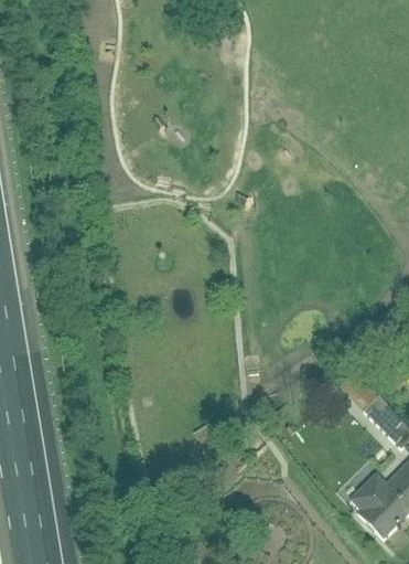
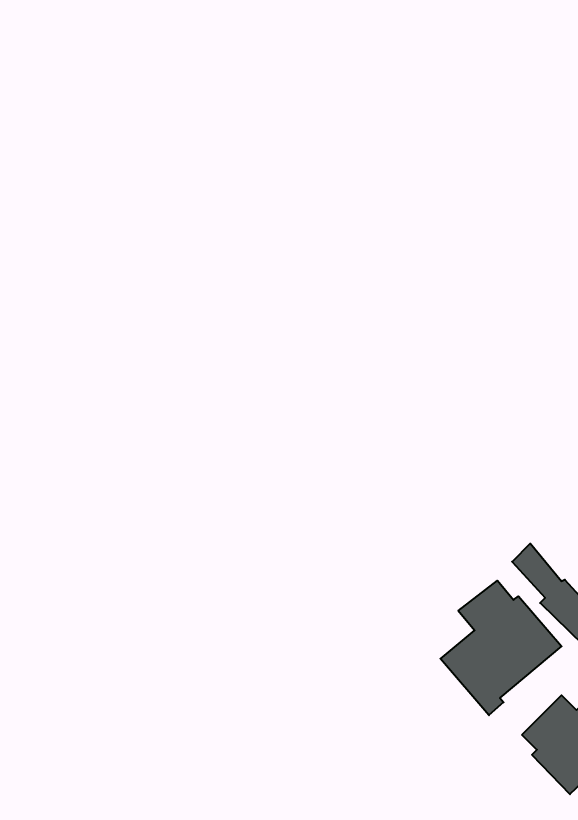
building: none -> [440,581,562,715]

